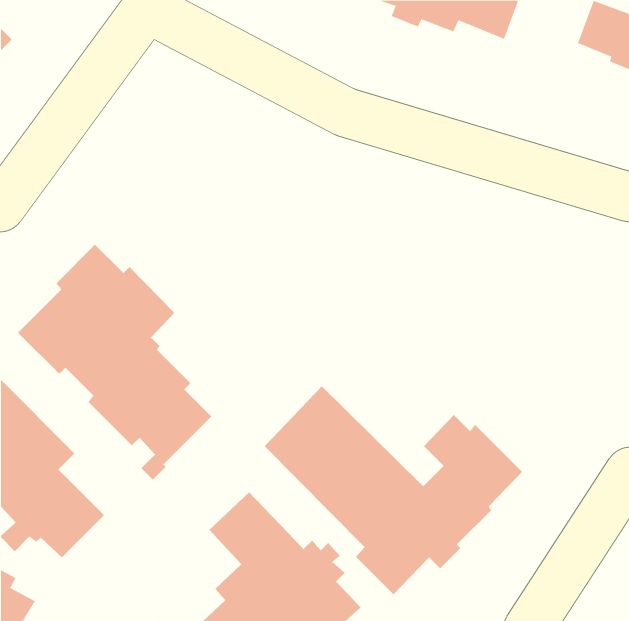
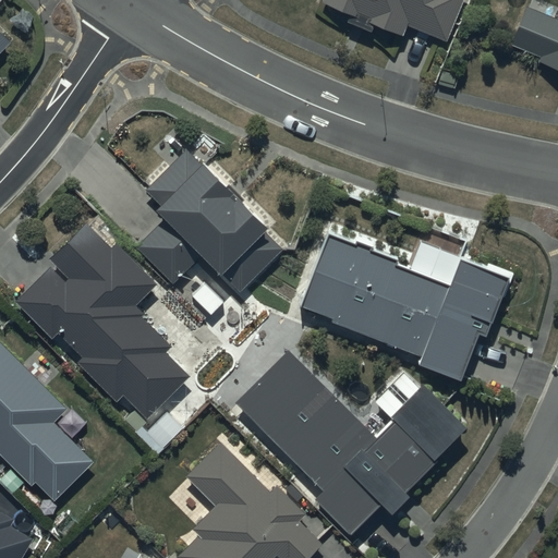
building: none -> [135,150,282,316]
building: none -> [300,231,502,377]

